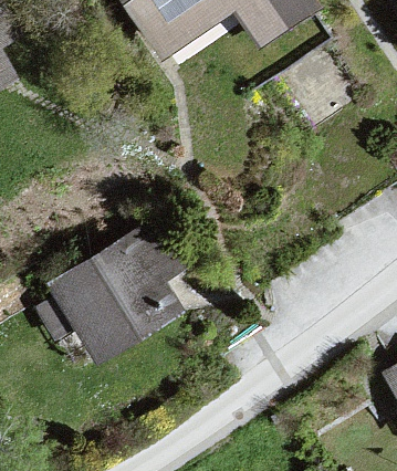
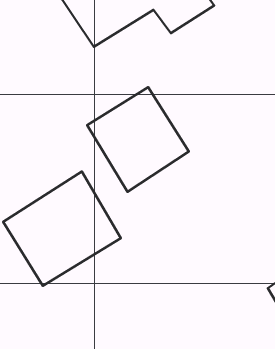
building: none -> [87,87,189,192]

